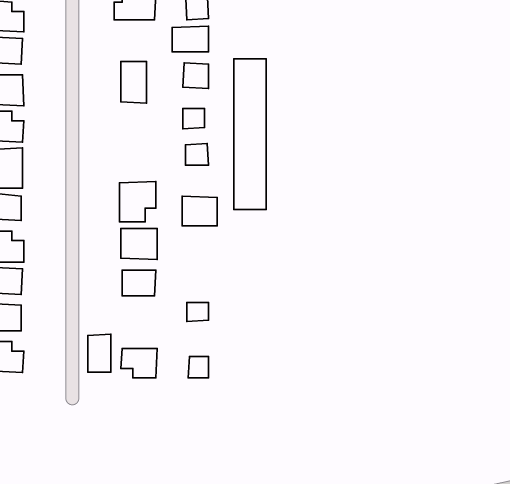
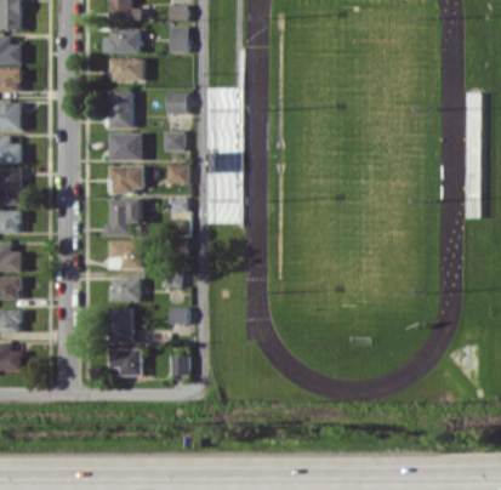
building: [172,26,209,52] -> [110,57,143,80]
building: none -> [109,132,142,160]
building: [182,196,217,226] -> [112,165,143,192]
building: [88,334,111,372] -> [110,307,131,341]

